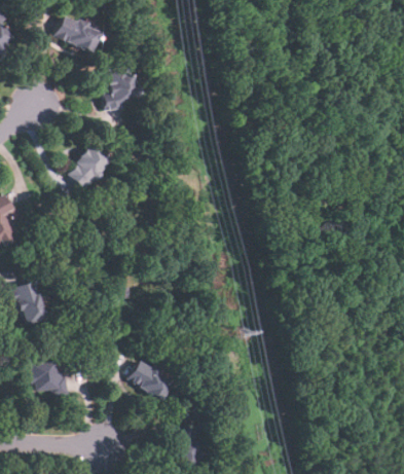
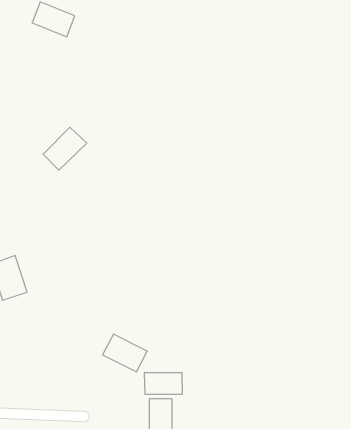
building: [105,67,138,111] -> none
building: [31,360,69,395] -> none
building: none -> [145,372,182,394]

